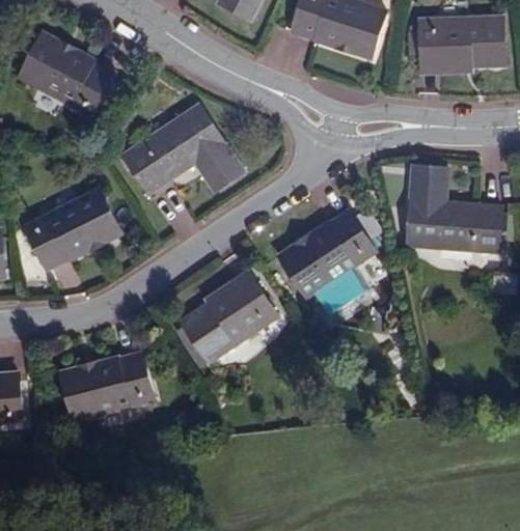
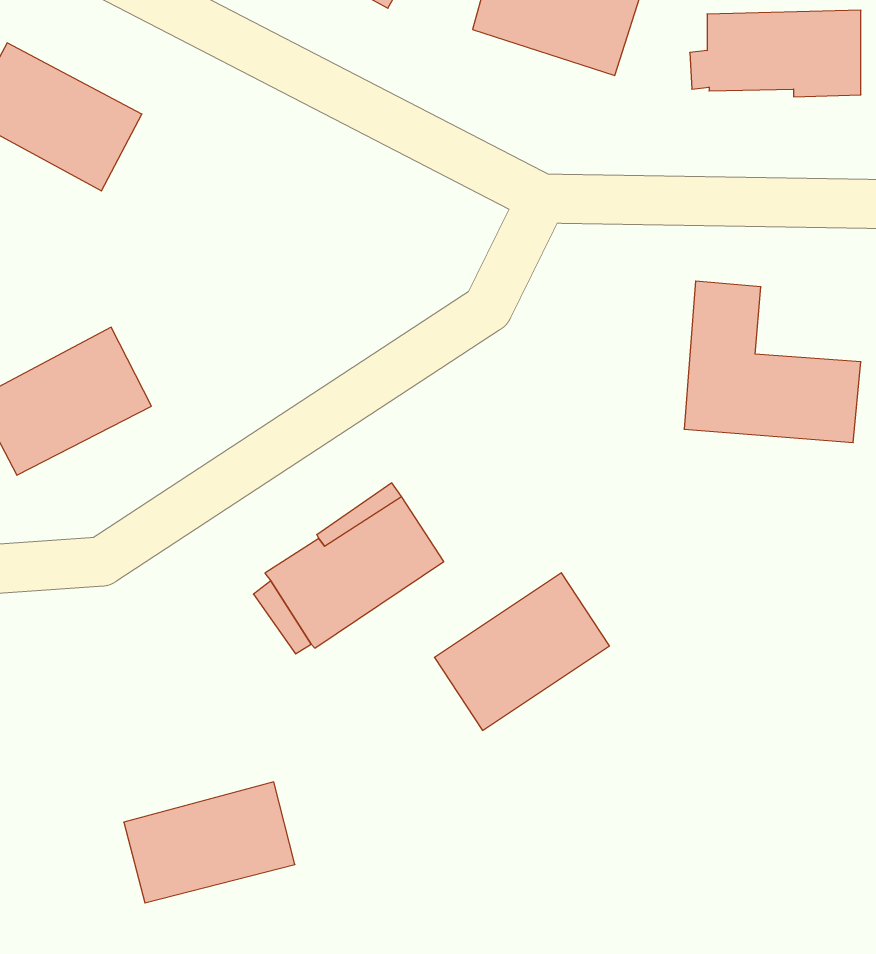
building: [122,105,242,192] -> none
building: [279,211,374,296] -> [434,573,609,730]
building: [60,354,153,419] -> [124,782,295,903]

